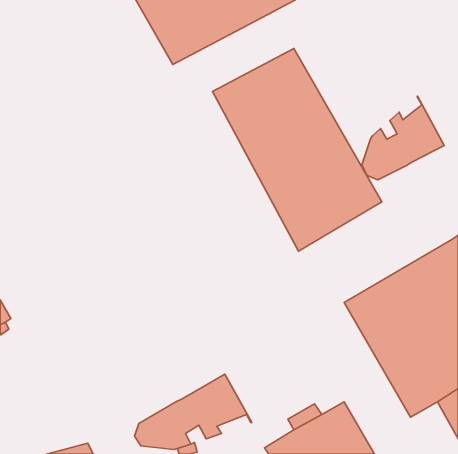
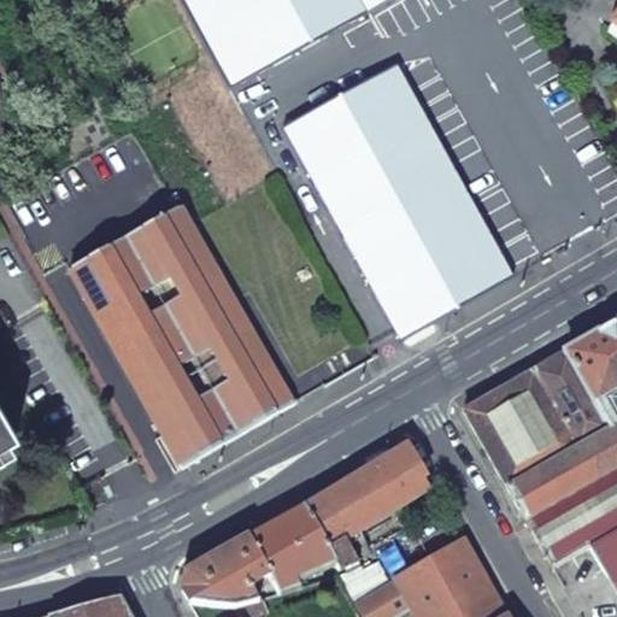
building: [362,96,444,180] -> none
building: none -> [67,205,293,465]
building: none -> [302,442,428,568]

